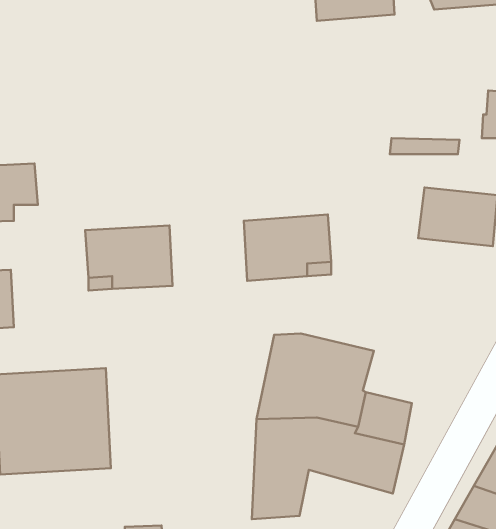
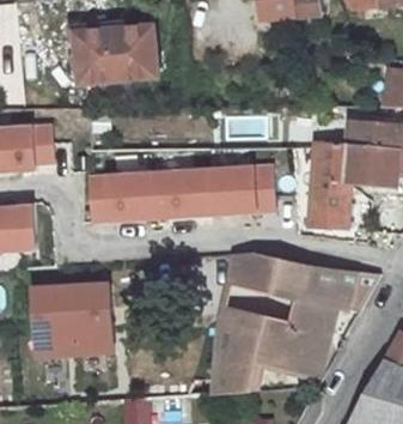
building: none -> [69,23,158,84]
building: none -> [306,141,349,212]
building: none -> [151,169,209,218]
building: none -> [297,267,379,311]

